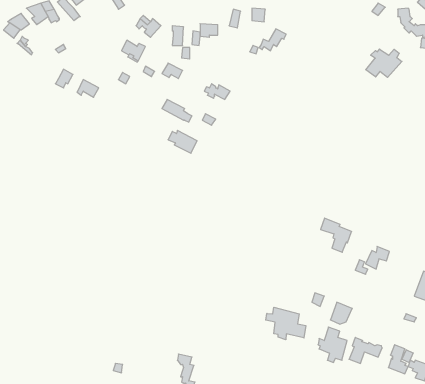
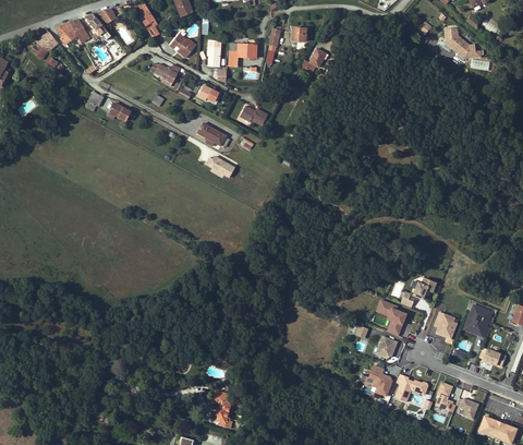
building: [366,49,402,77] -> none
building: [321,218,352,252] -> [376,300,409,336]
building: none -> [433,311,458,342]
building: [266,307,306,340] -> none

